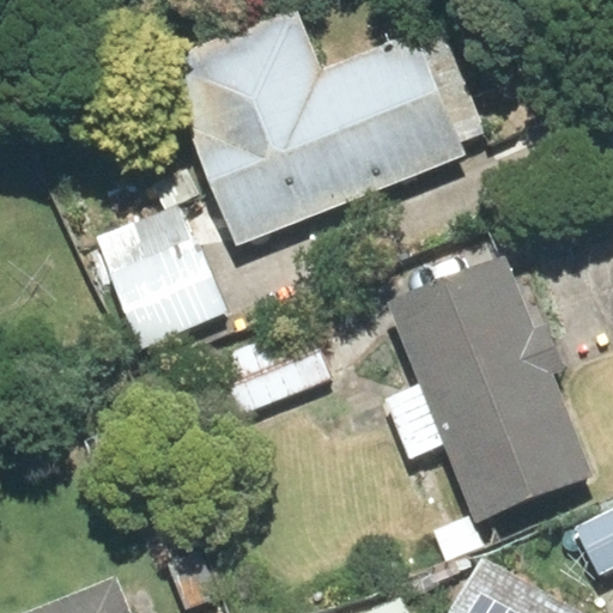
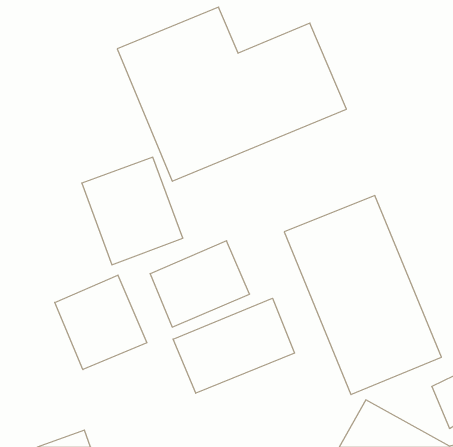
building: none -> [55,275,147,370]
building: none -> [173,298,294,393]

